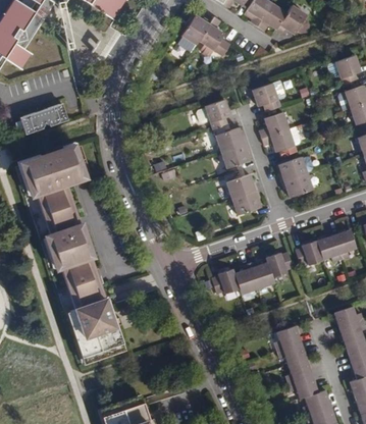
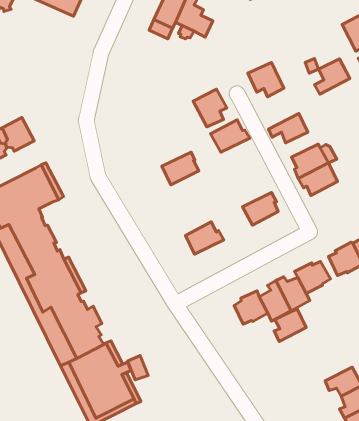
building: [259,111,289,138] -> [315,59,350,94]
building: [220,143,250,167] -> [162,152,199,185]
building: [226,173,257,198] -> [186,222,224,254]
building: [275,325,302,350] -> [274,309,306,341]

